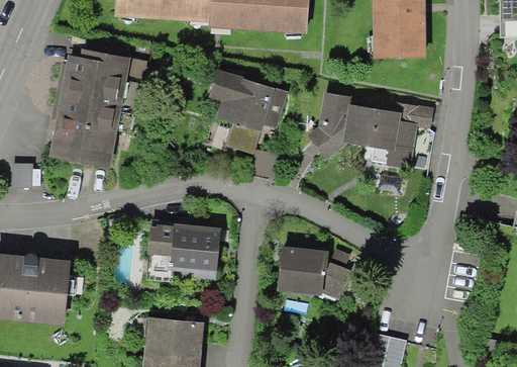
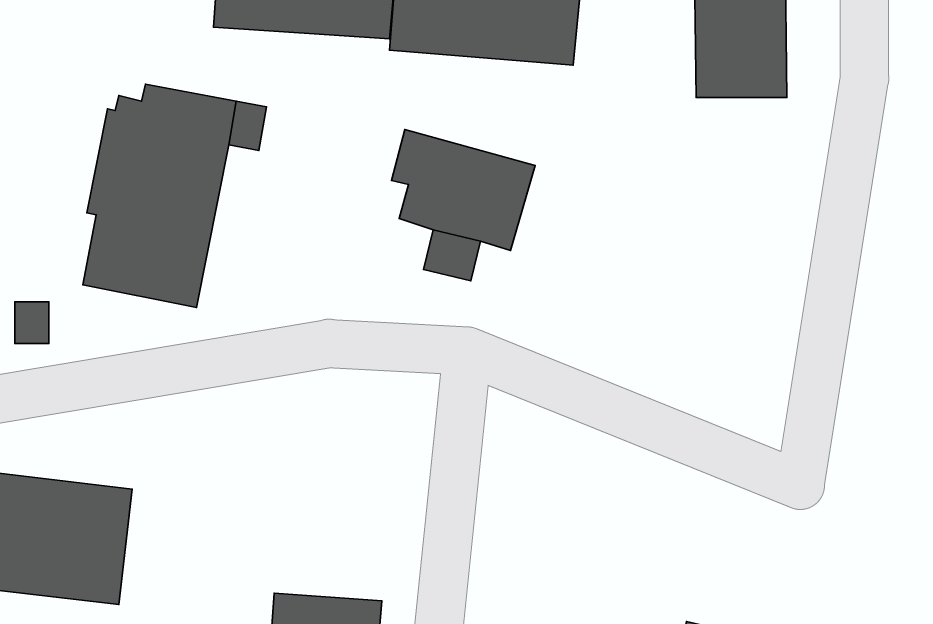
building: [305,94,435,166] -> none
building: [147,223,218,278] -> none
building: [276,252,342,299] -> none

